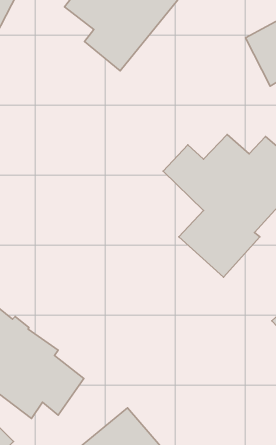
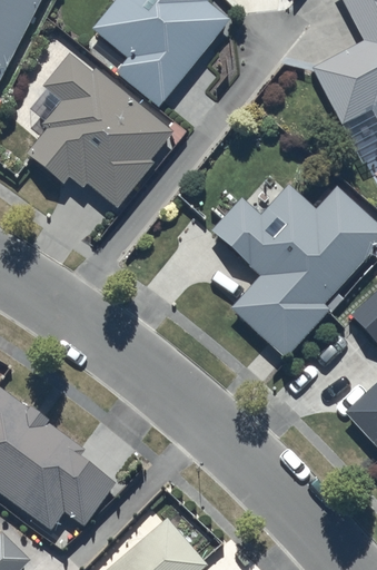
building: none -> [26,53,172,208]

